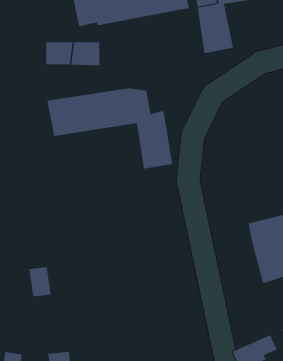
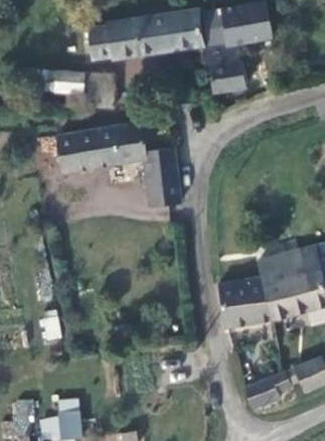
building: none -> [220,279,274,331]

